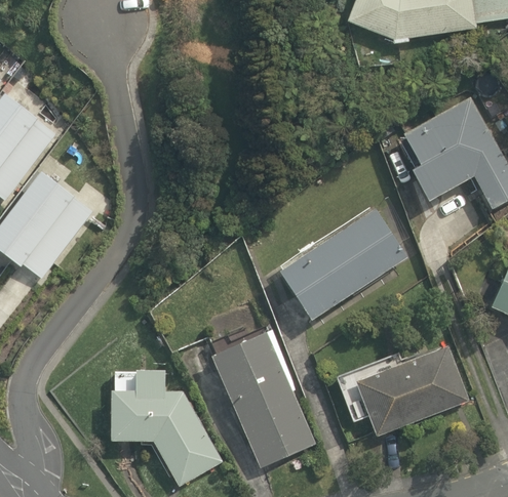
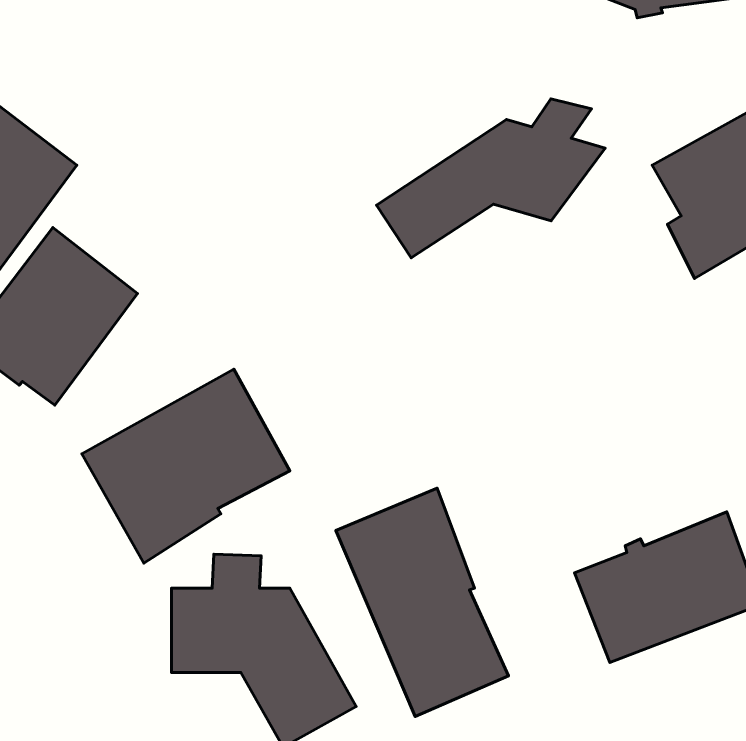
building: none -> [376,99,605,258]
building: [280,208,407,320] -> none
building: none -> [82,369,290,563]

